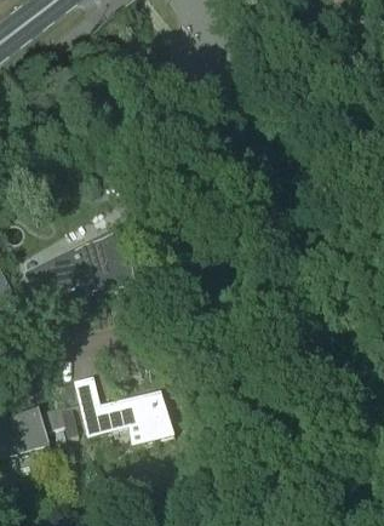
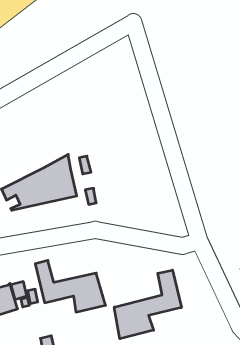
building: none -> [114,270,181,339]

